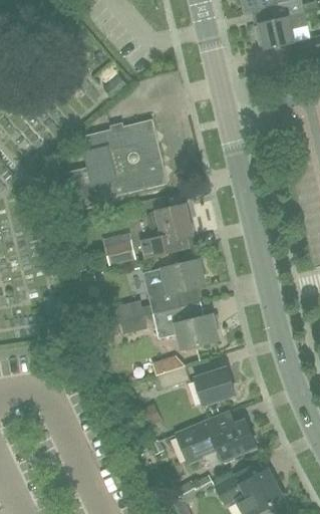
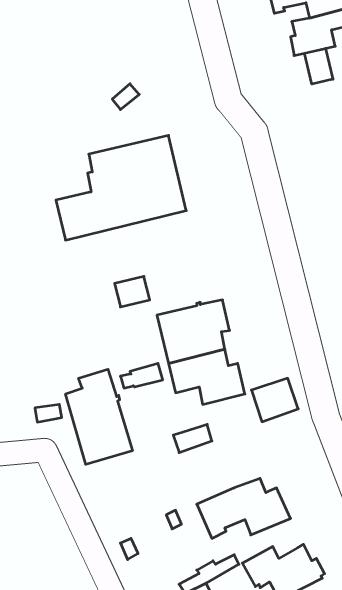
building: none -> [305,48,333,84]
building: [141,203,193,258] -> none
building: none -> [66,369,132,464]
building: [194,367,234,405] -> [251,378,298,422]

